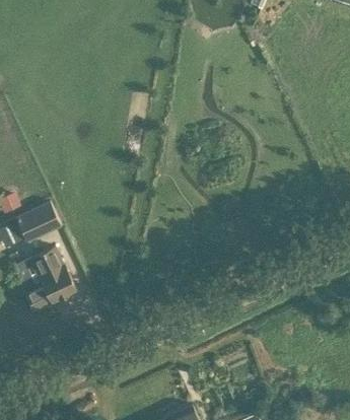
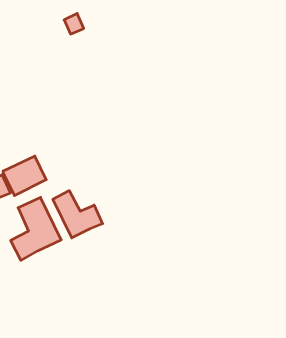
building: none -> [53,191,103,238]

